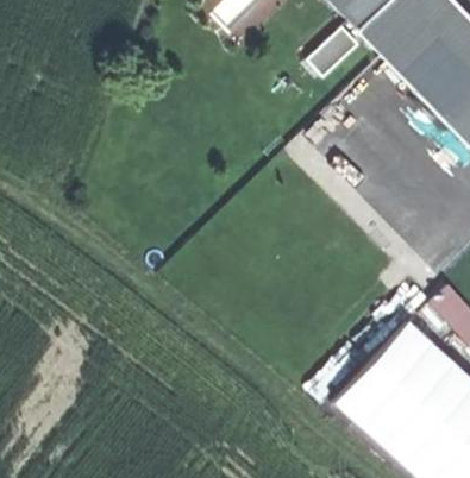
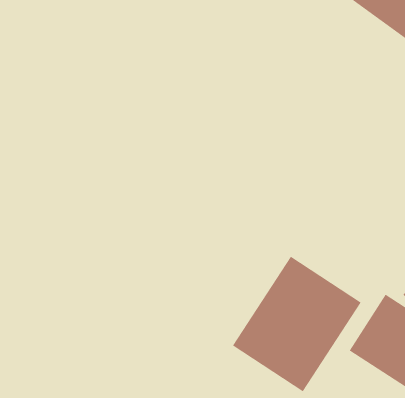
building: none -> [232,256,361,392]

